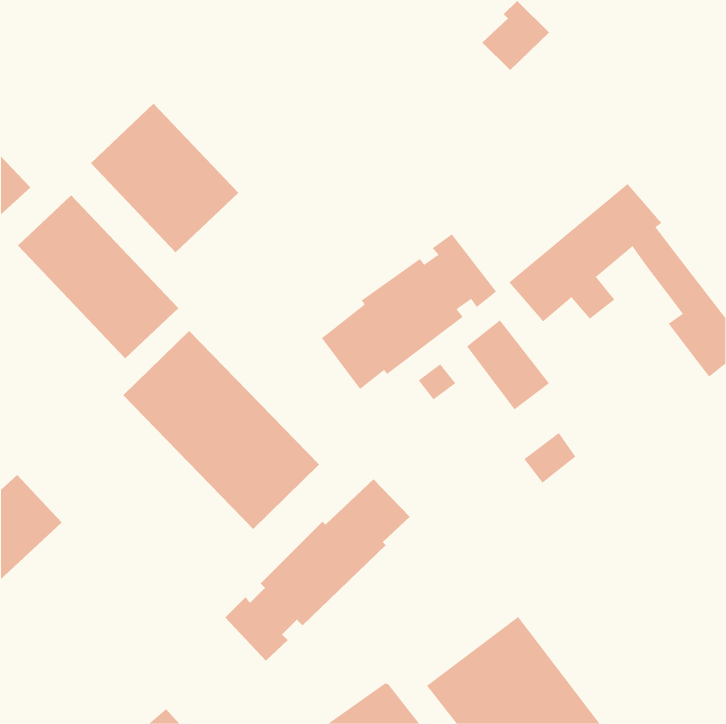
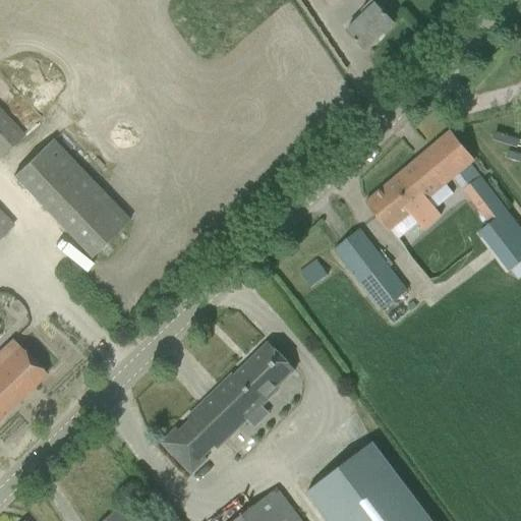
building: [90,103,239,253] -> none
building: [321,234,497,390] -> none
building: [122,330,320,530] -> none
building: [524,432,576,483] -> [368,275,406,311]

